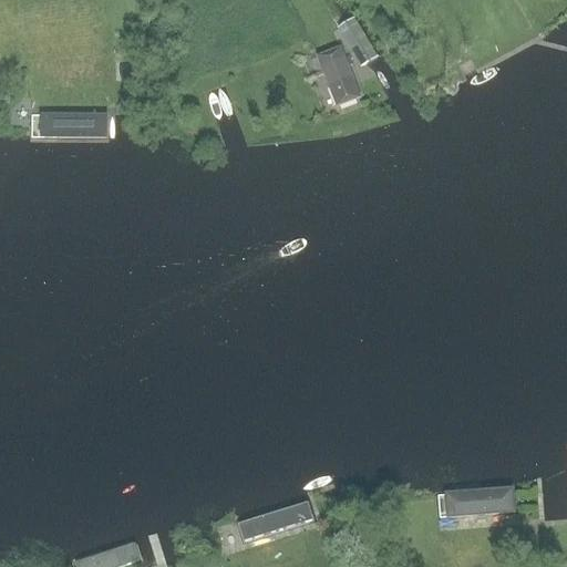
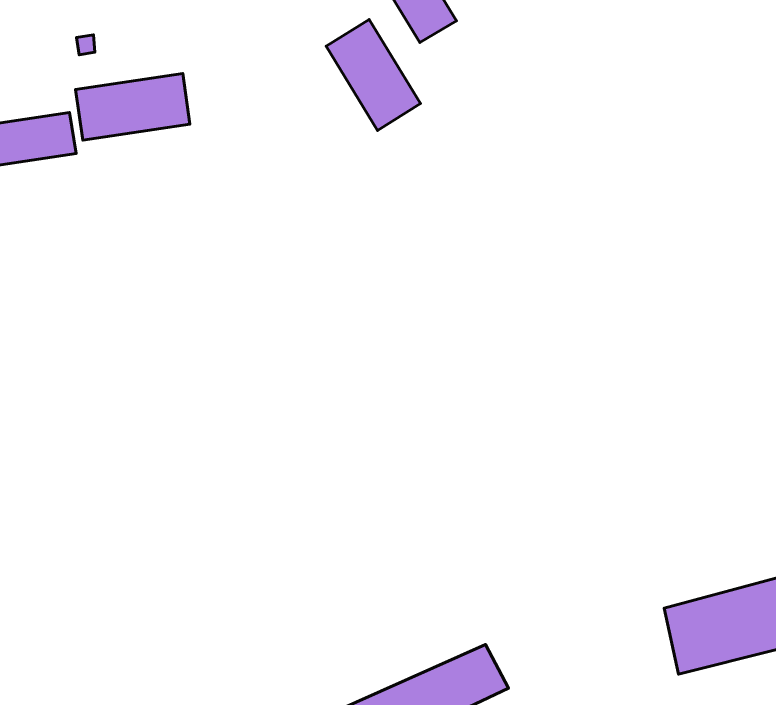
building: none -> [326,19,420,130]
building: none -> [76,74,190,140]

